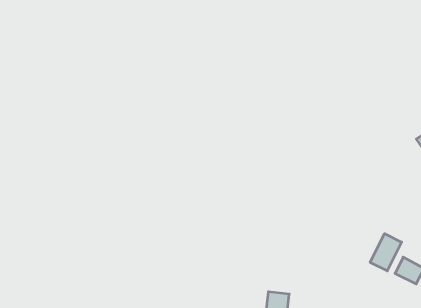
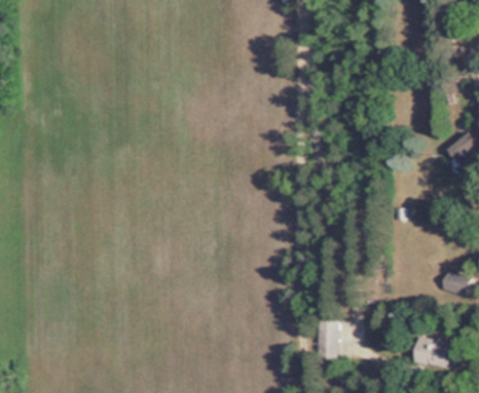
building: [370,234,402,271] -> none

